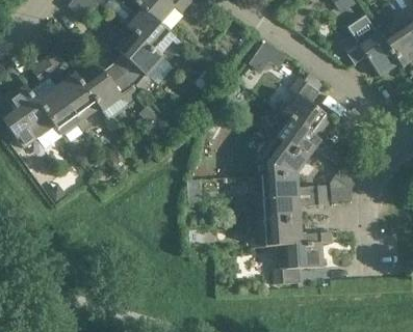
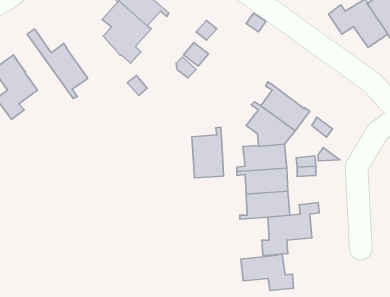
building: [73,55,138,118] -> none
building: [31,62,85,134] -> none
building: [283,76,331,137] -> none
building: none -> [192,127,223,178]
building: none -> [241,254,293,291]

